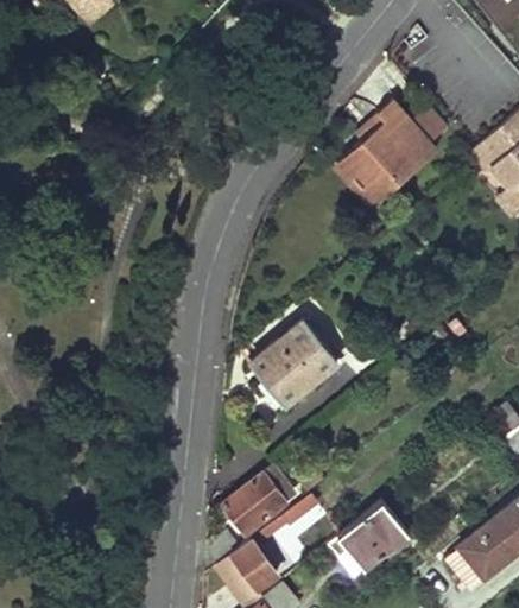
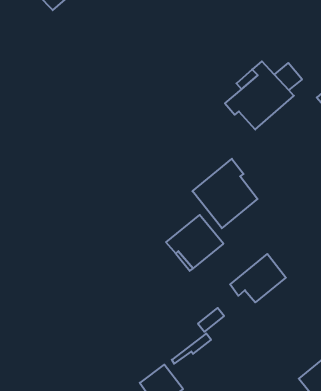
building: none -> [192,159,258,228]
building: [224,473,287,536] -> none
building: [329,500,410,570] -> [230,254,286,302]

